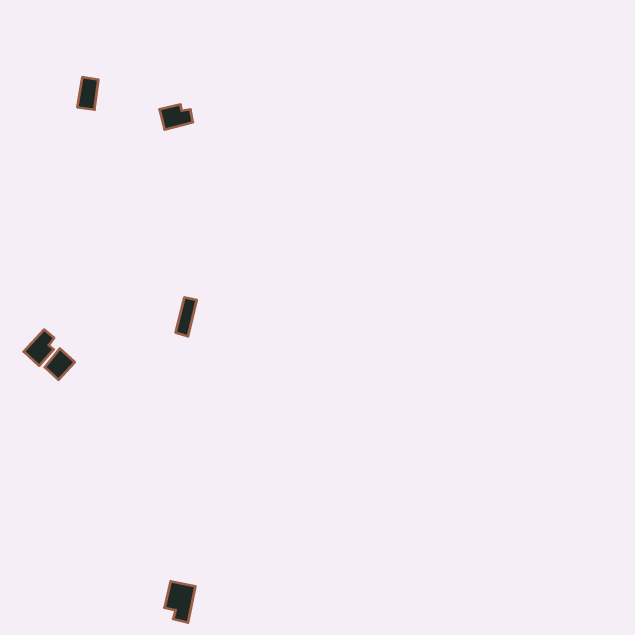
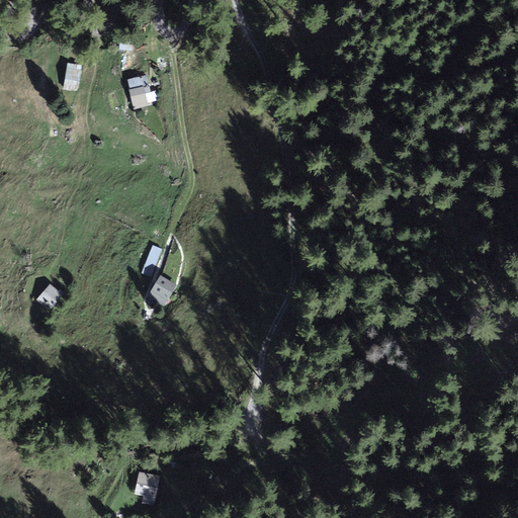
building: [24,330,54,366] -> none
building: none -> [148,275,175,304]

